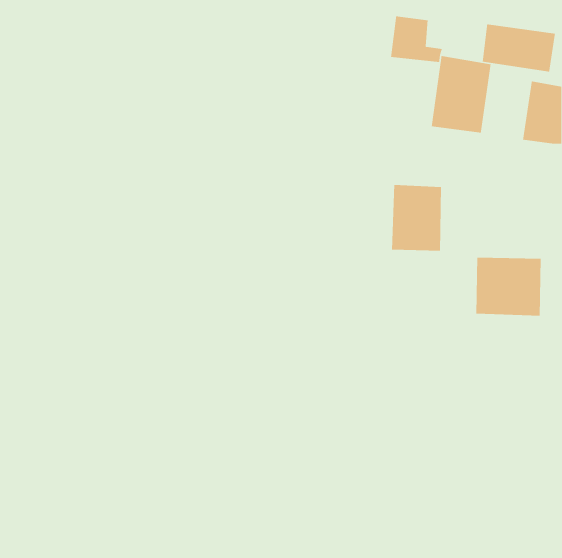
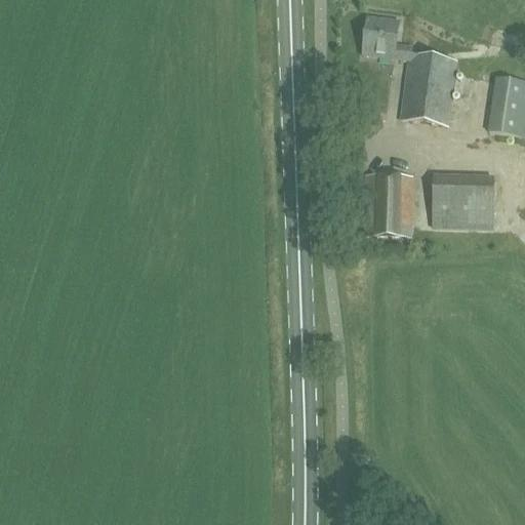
building: [482,23,556,73] -> none
building: [475,257,541,317] -> [432,172,493,228]

